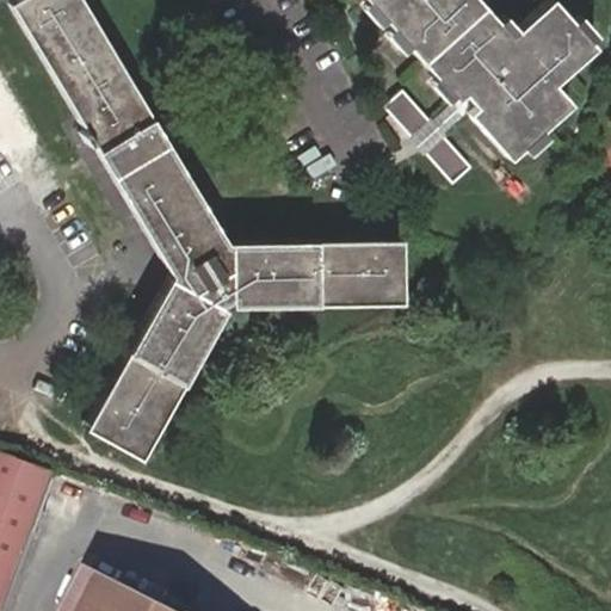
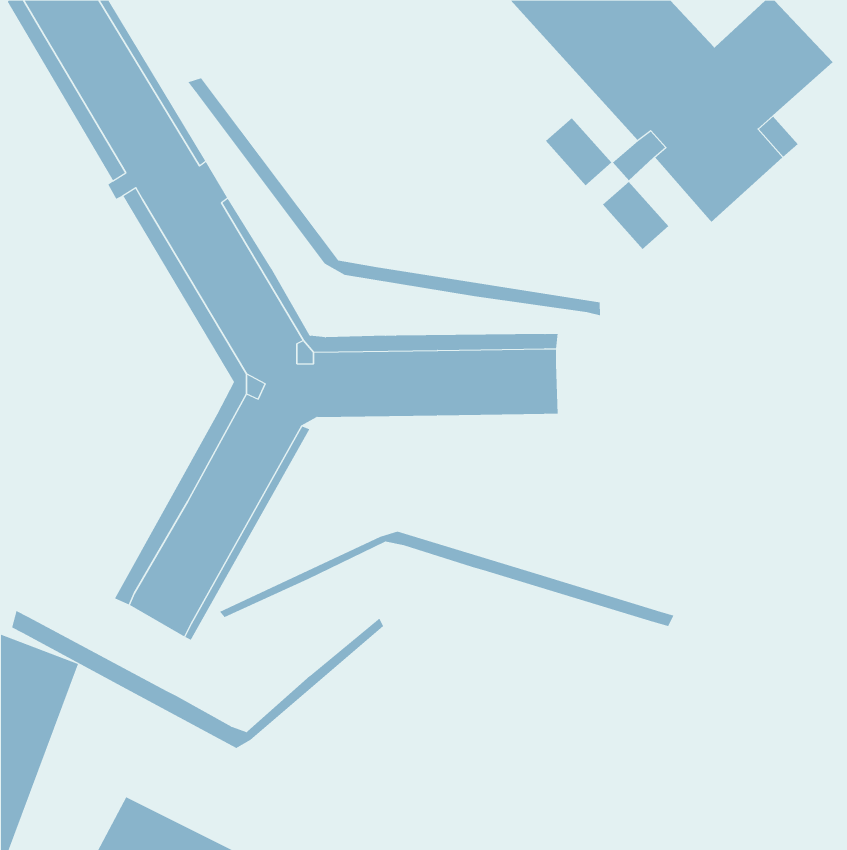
building: none -> [188,77,600,316]
building: none -> [219,531,674,627]
building: none -> [11,610,384,749]

